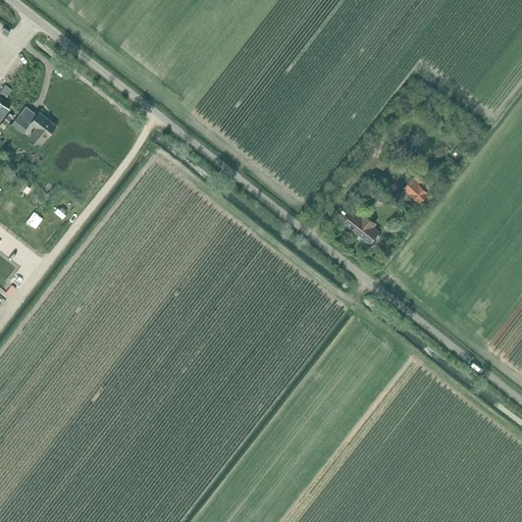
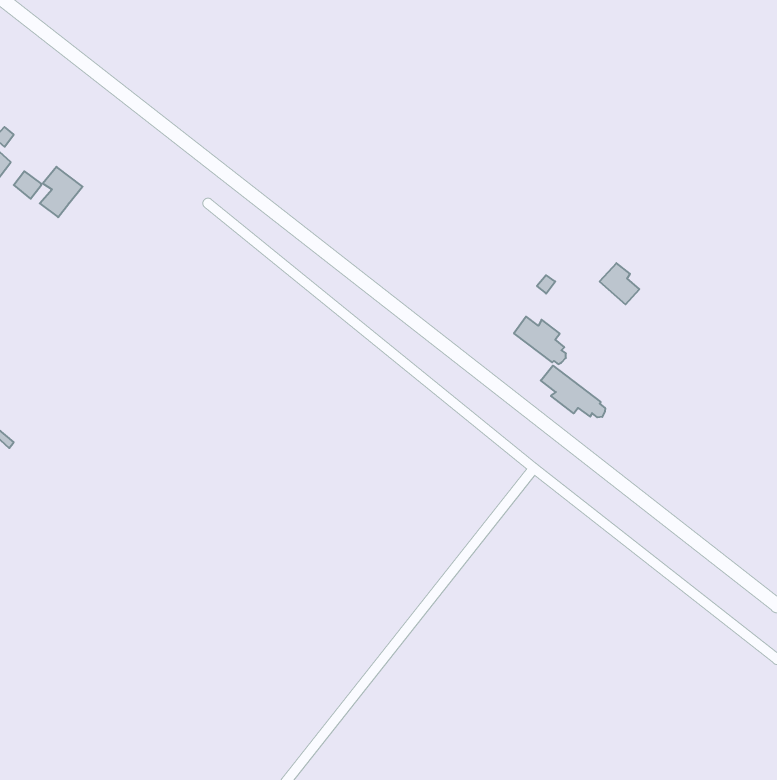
building: none -> [541,366,605,417]

